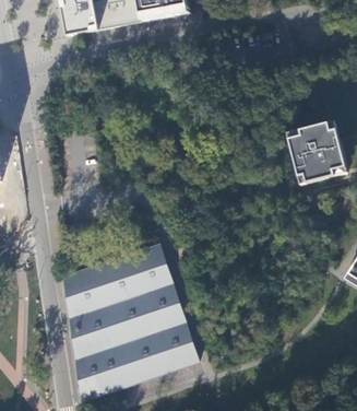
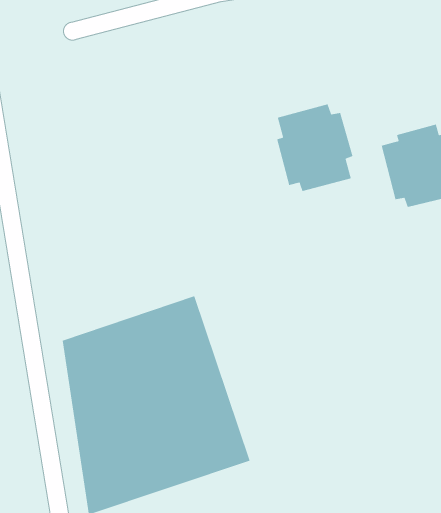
building: none -> [277,103,353,192]

